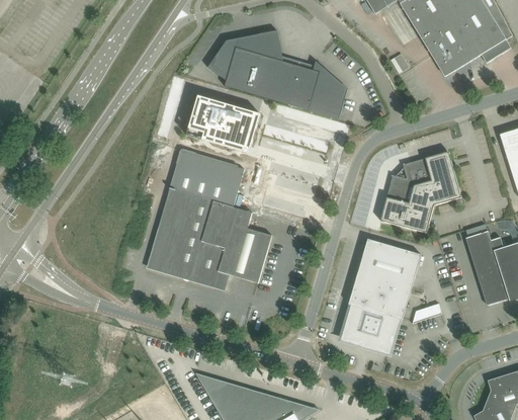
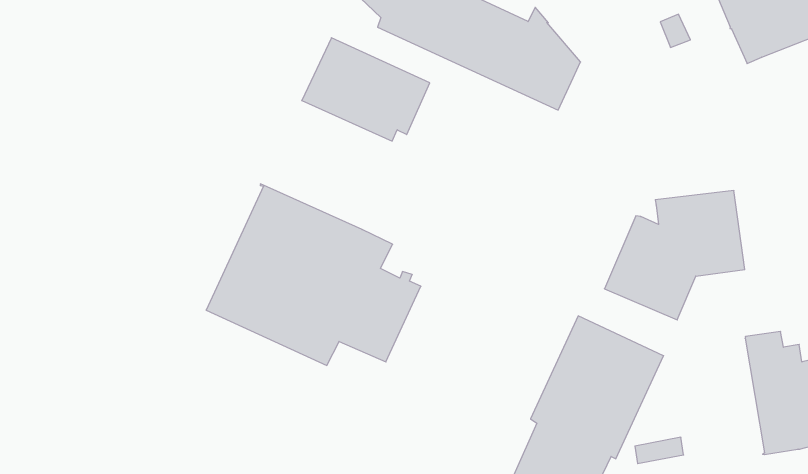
building: [169,151,244,206] -> none

